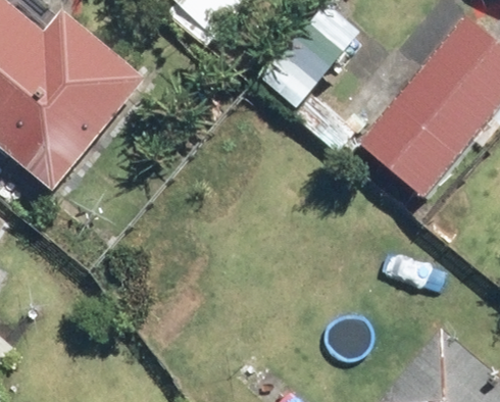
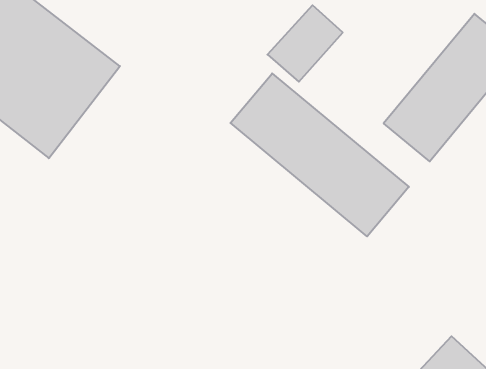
building: none -> [230,73,409,236]

